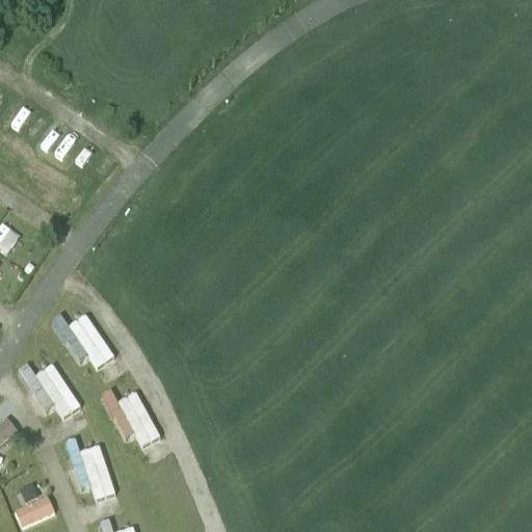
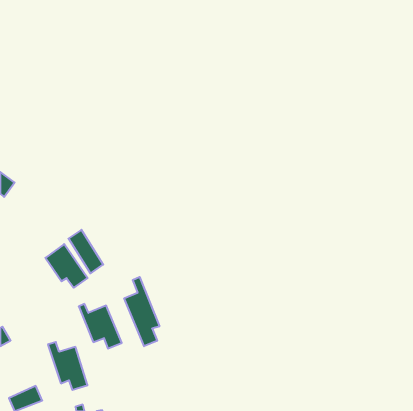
building: none -> [124,277,159,346]
building: [34,363,79,419] -> [68,230,103,273]

